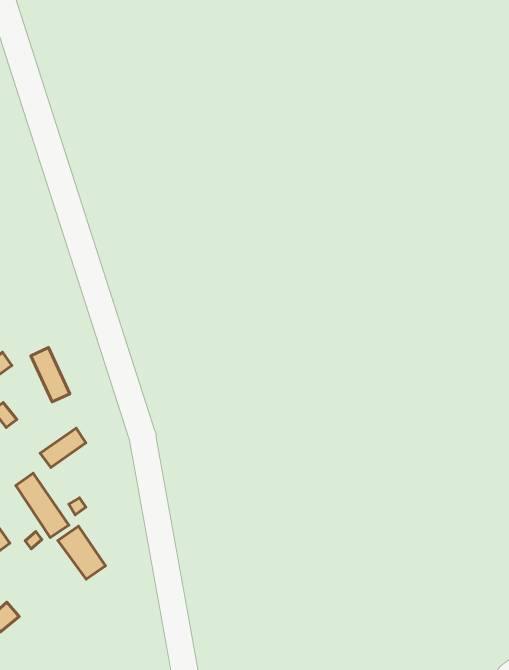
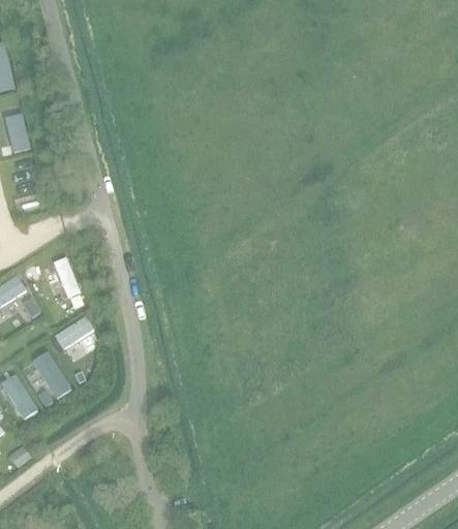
building: [58,526,106,579] -> none

